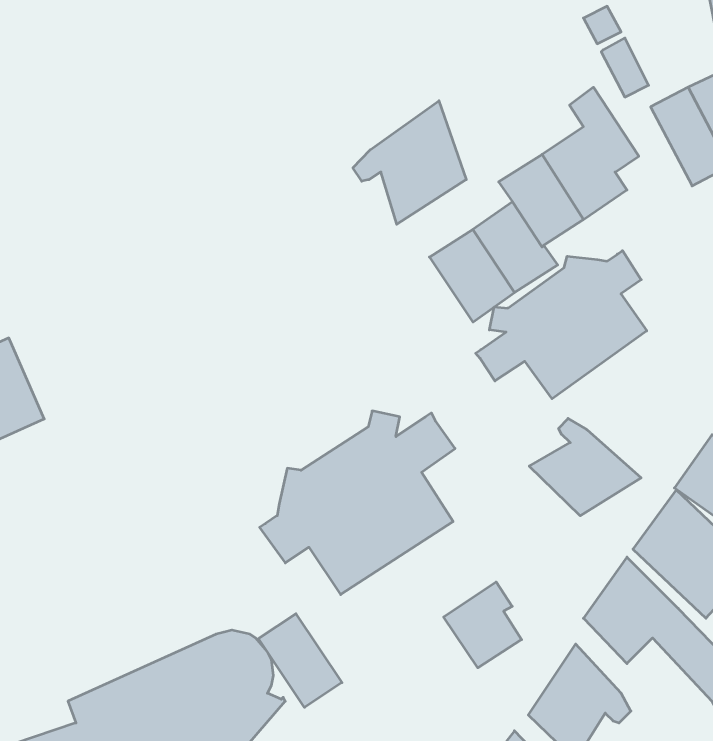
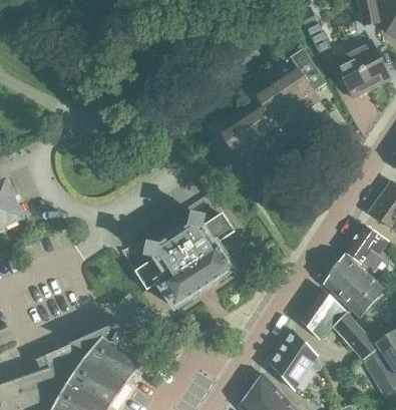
building: [353,101,466,224] -> none
building: [476,251,647,399] -> none
building: [529,418,641,516] -> none
building: [444,582,522,668] -> none
building: [259,614,342,707] -> none

